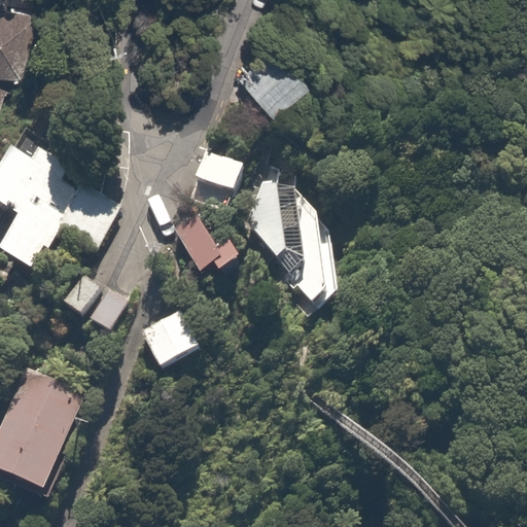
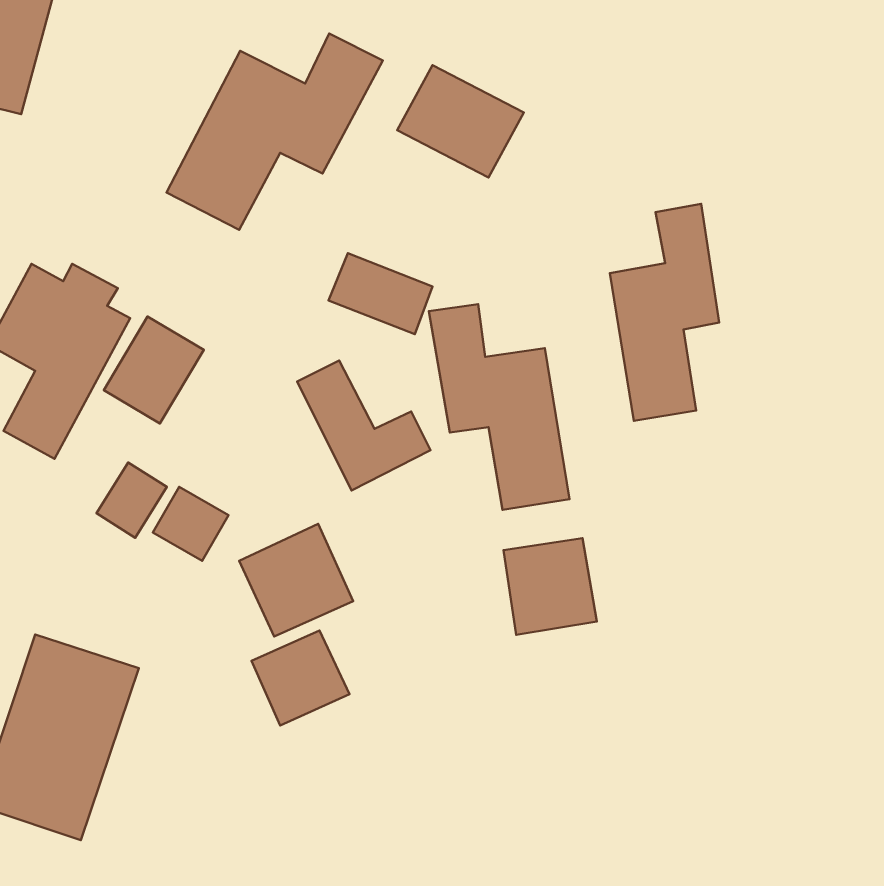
building: none -> [167,34,383,230]
building: none -> [610,204,719,421]
building: none -> [503,538,597,635]
building: none -> [252,630,349,726]

